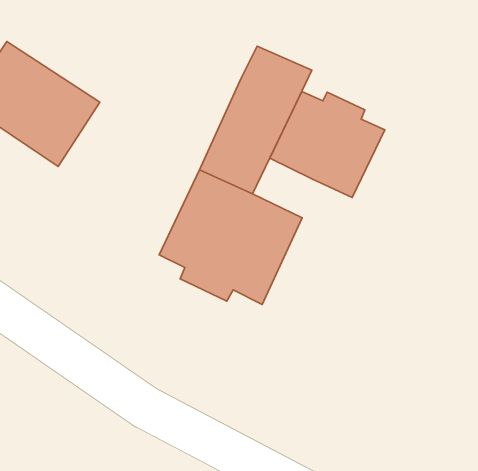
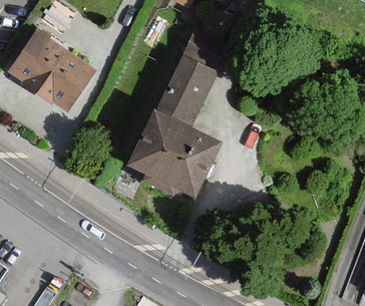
building: [270,91,385,198] -> none

